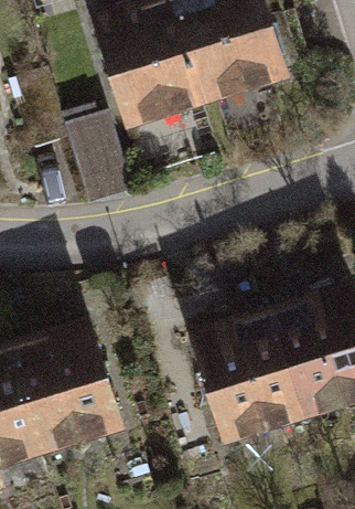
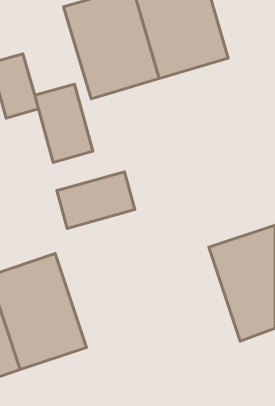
building: none -> [57,172,135,228]
building: [190,307,306,445] -> none

